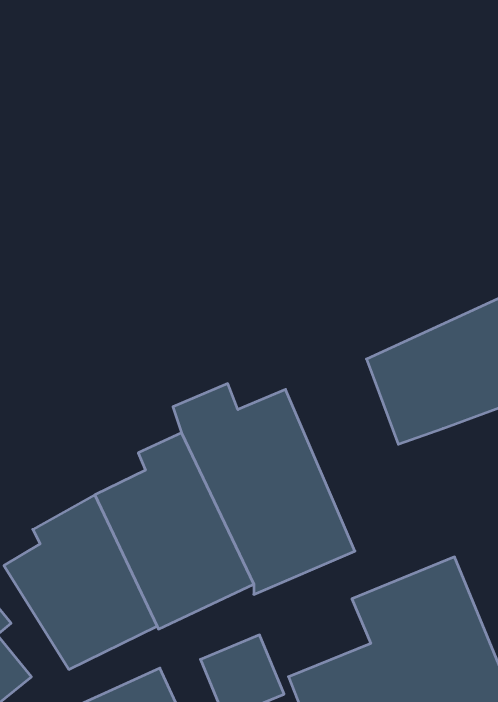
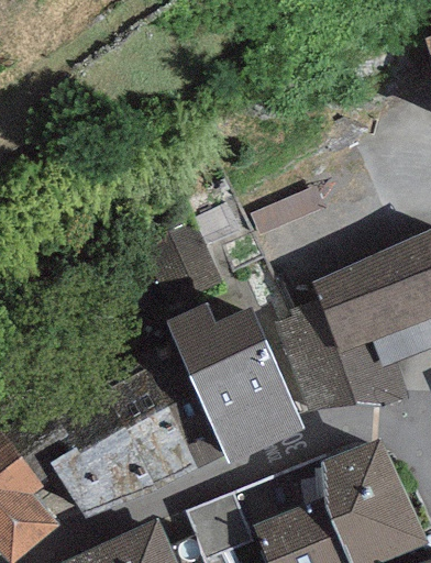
building: none -> [276,298,394,426]

